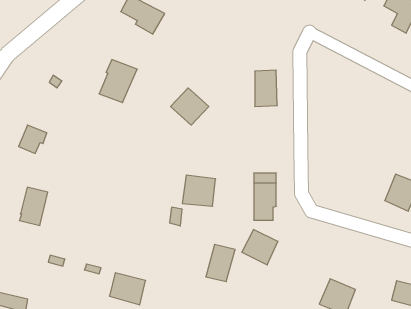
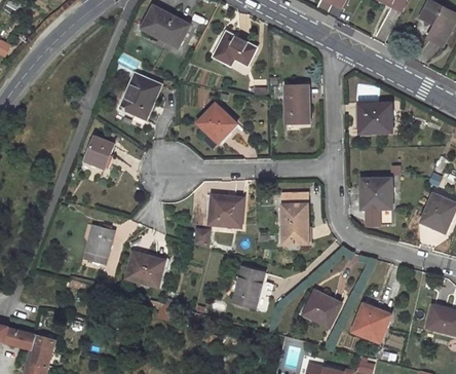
building: none -> [213,32,257,67]
building: none -> [358,103,392,133]
building: [19,125,47,153] -> [84,137,114,166]
building: none -> [362,178,391,225]
building: [19,187,48,225] -> [84,225,114,265]
building: [242,230,278,265] -> [303,291,341,328]
building: [109,273,146,305] -> [126,253,164,287]

